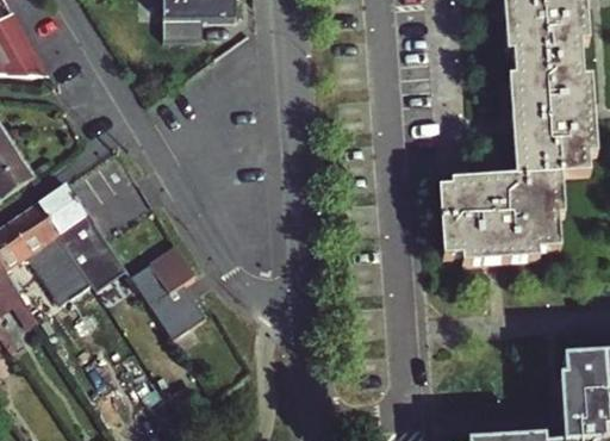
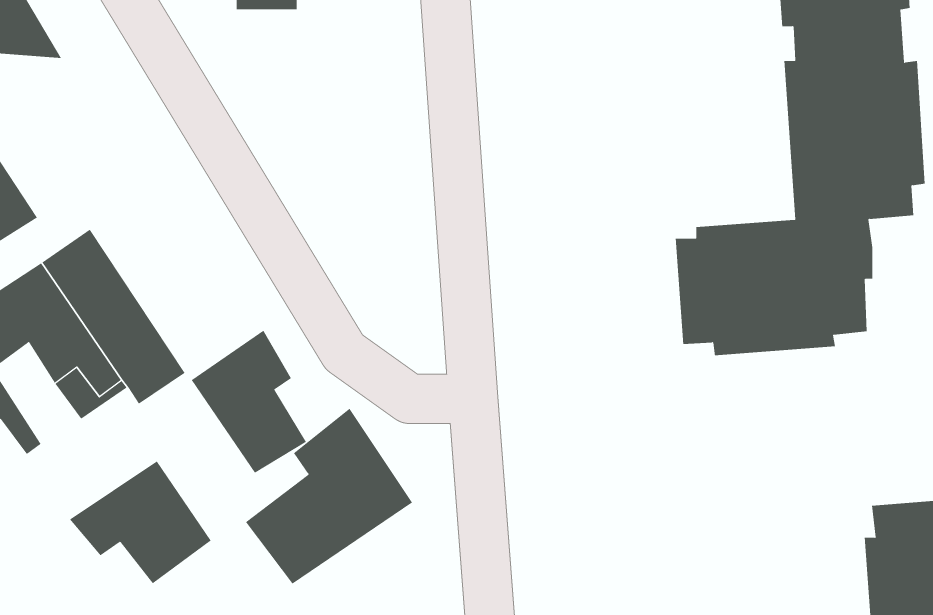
building: none -> [245,408,413,584]
building: none -> [69,460,211,584]

